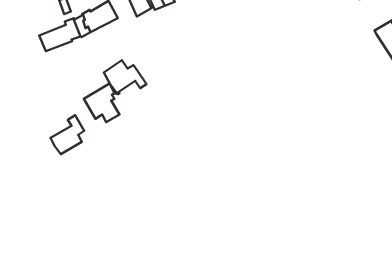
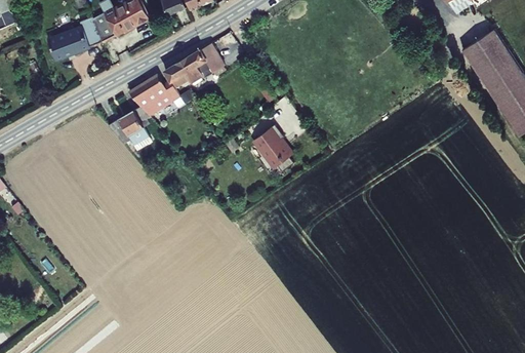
building: none -> [161,44,235,89]
building: none -> [251,125,291,171]
building: [51,115,84,154] -> none

